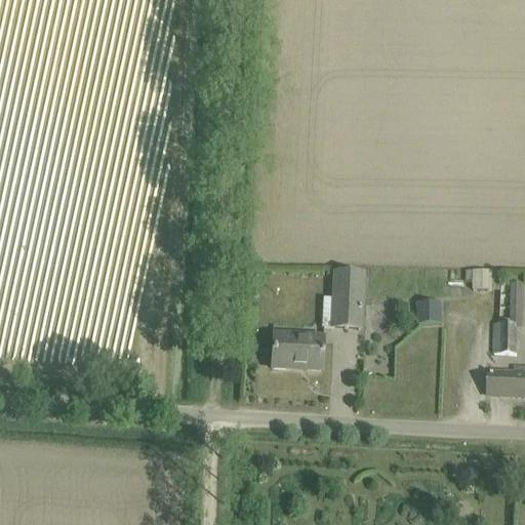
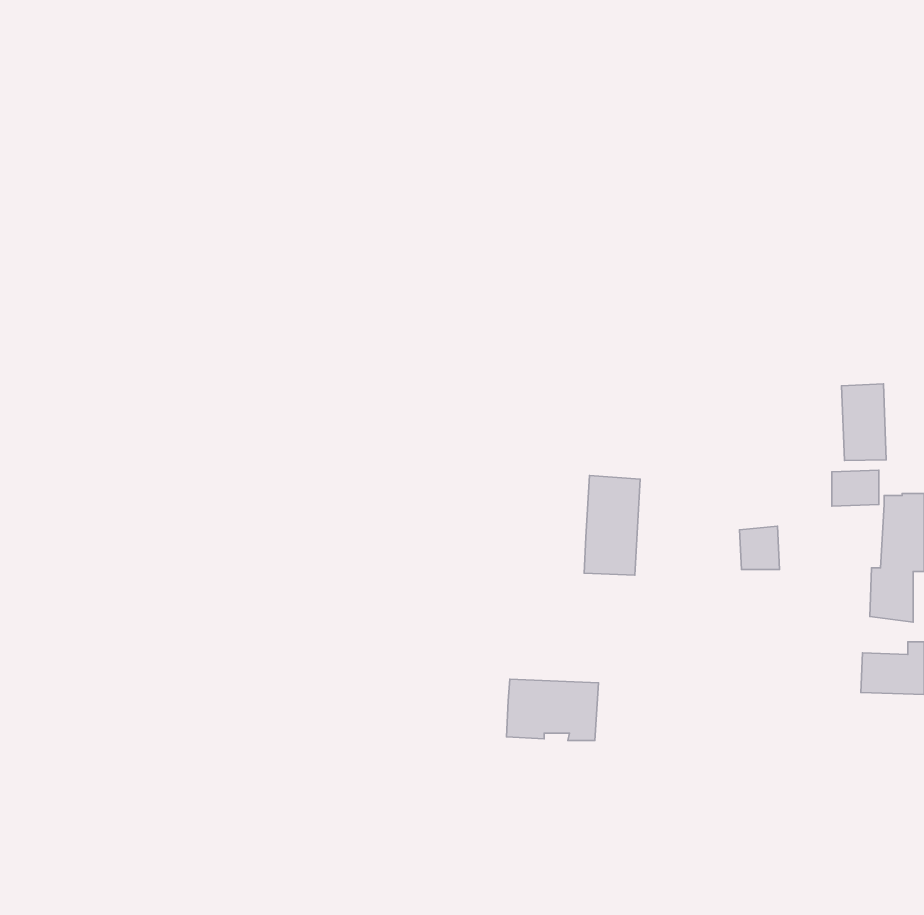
building: none -> [842,384,886,461]
building: [271,332,323,367] -> [506,679,599,741]

